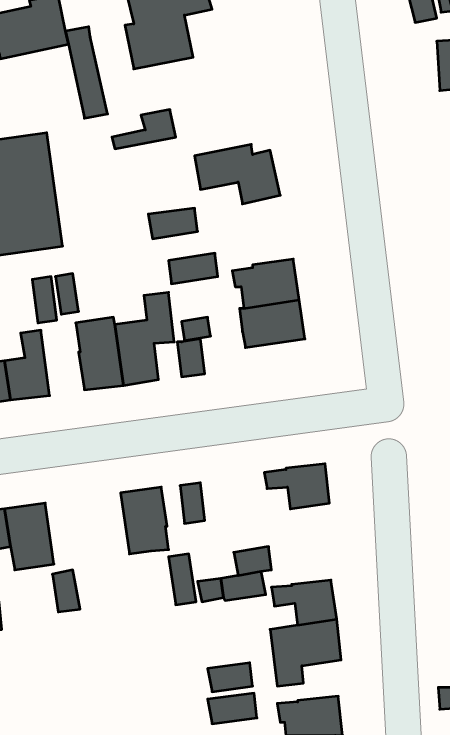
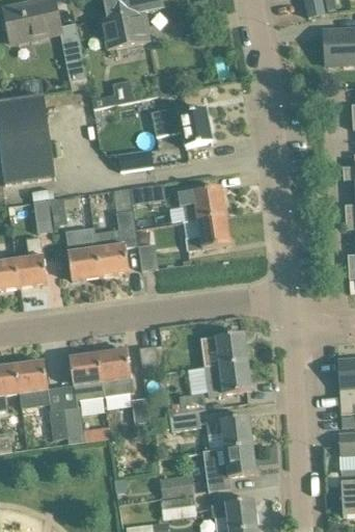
building: none -> [69,353,104,400]
building: none -> [204,361,251,394]
building: none -> [63,406,85,443]

